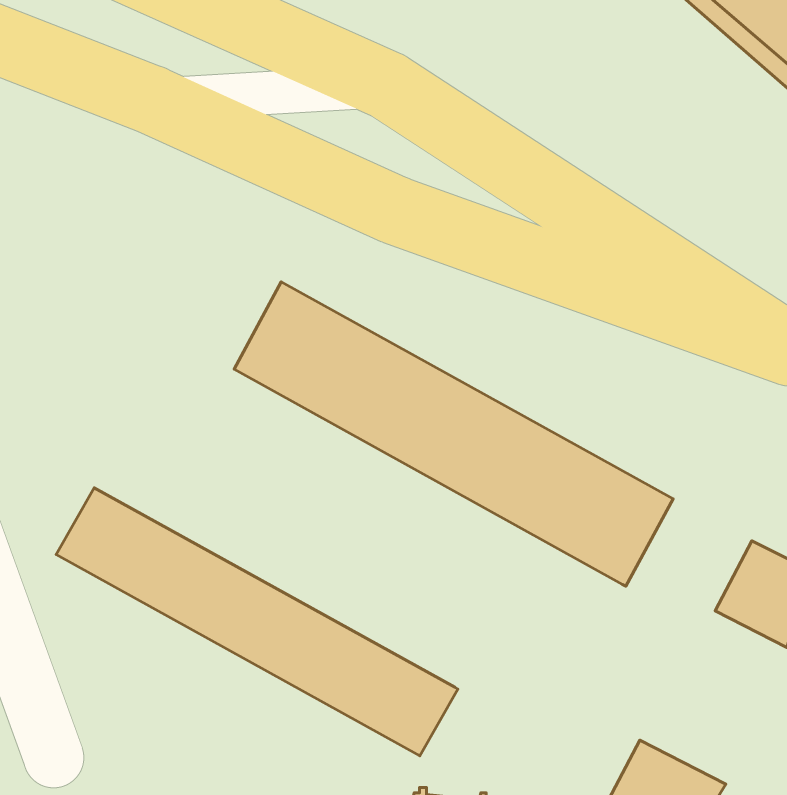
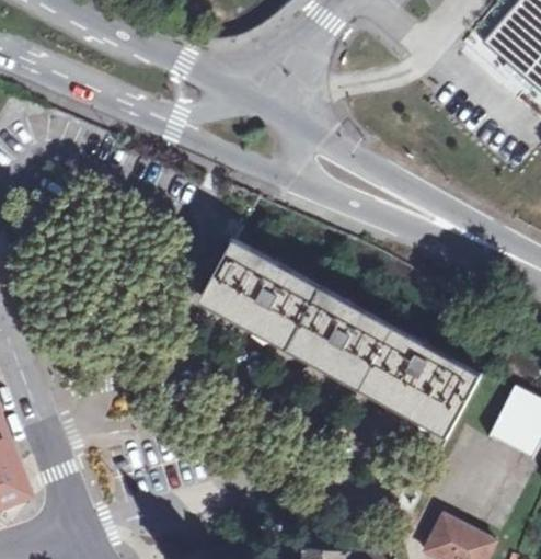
building: [56,488,458,756] -> none

